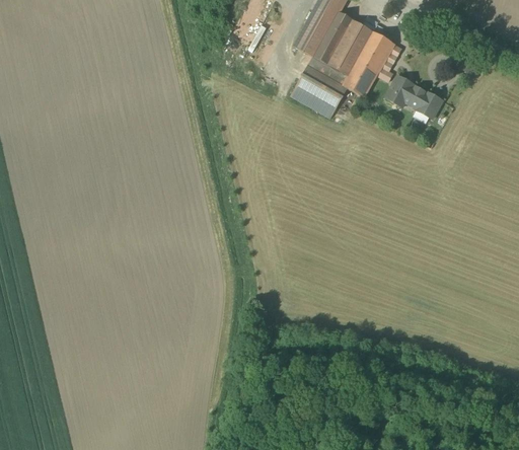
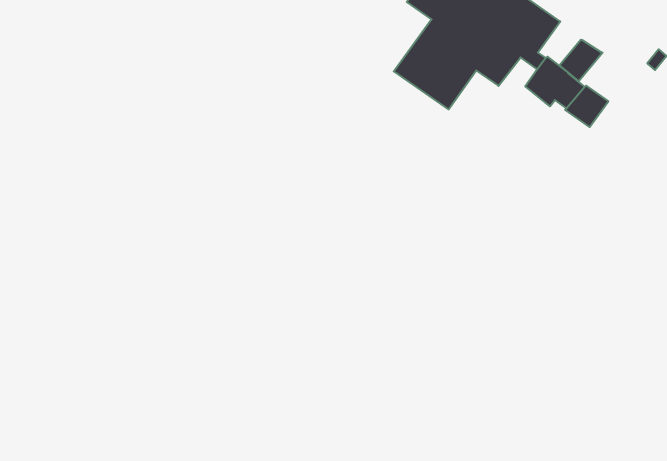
building: none -> [559,40,603,81]

